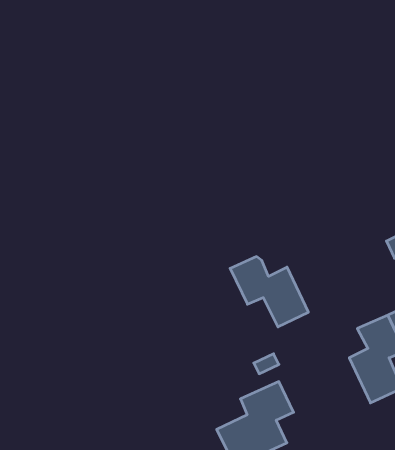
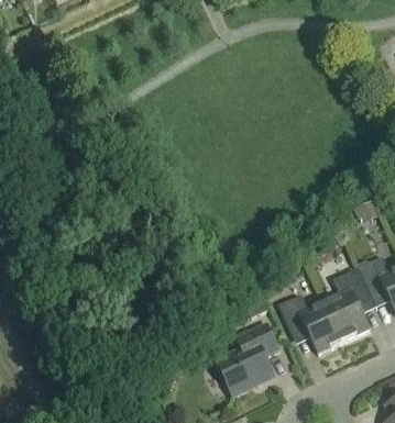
building: [230,257,308,327] -> [278,294,343,353]

